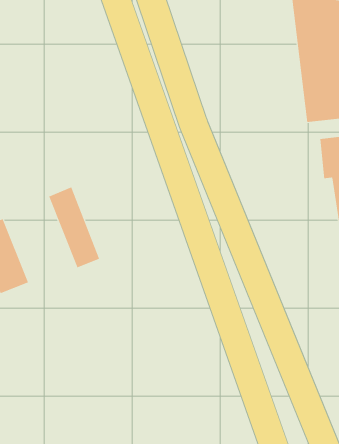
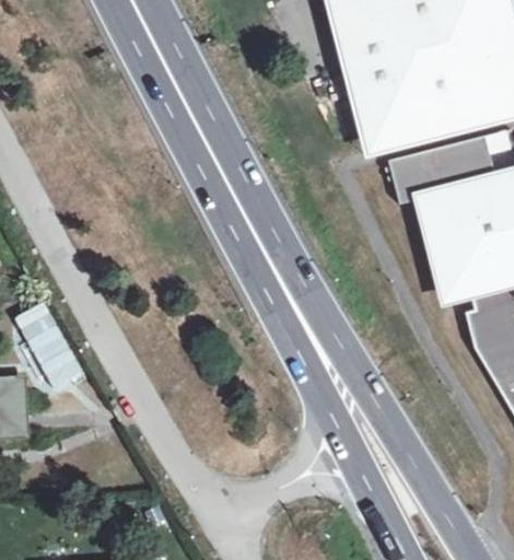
building: [48,187,100,268] -> none

